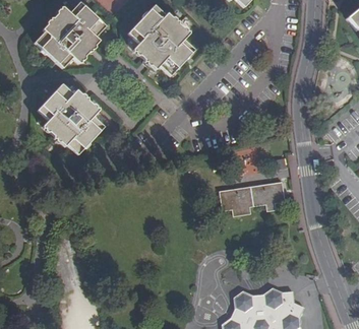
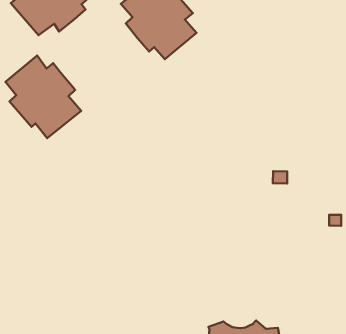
building: [221,180,286,214] -> none

